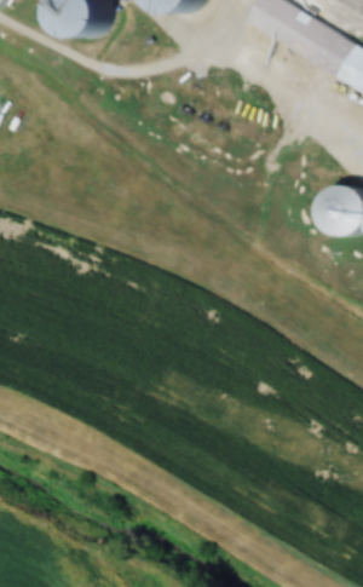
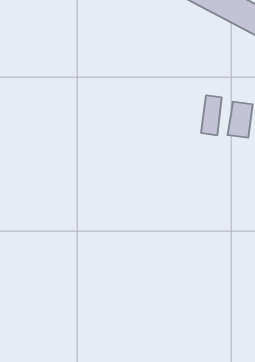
building: none -> [201,95,221,135]

